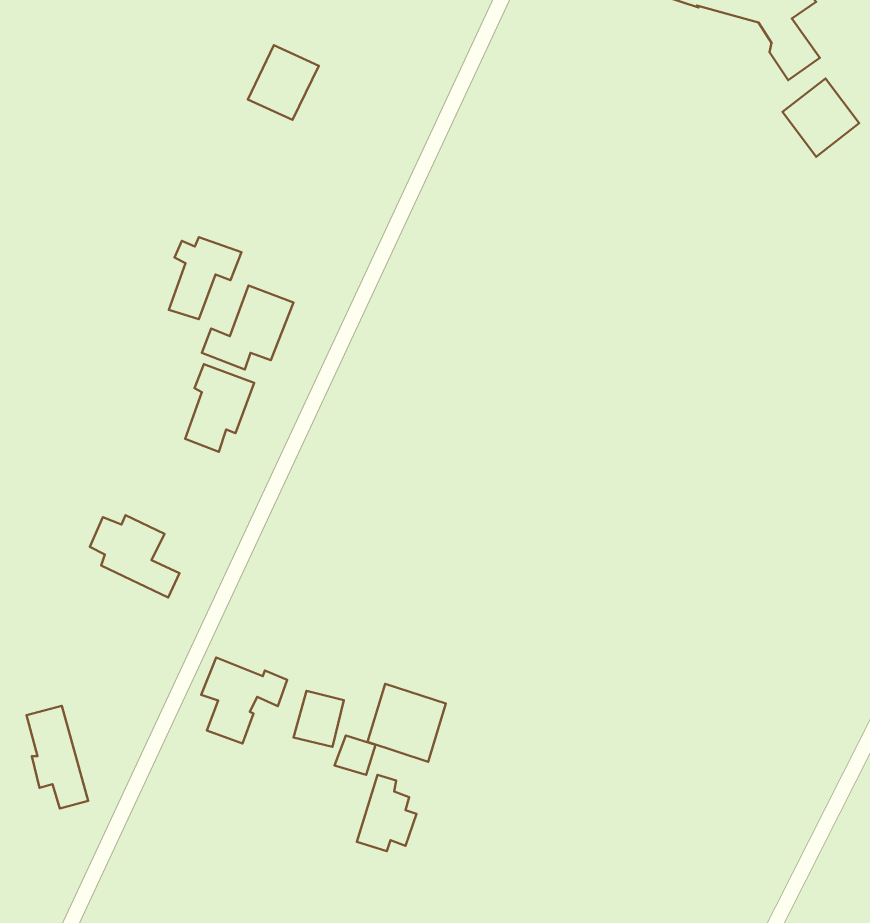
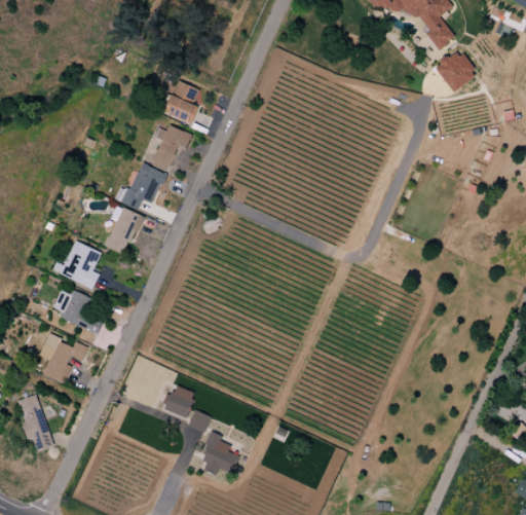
building: [248,45,319,120] -> [164,80,203,121]
building: [169,237,242,319] -> [152,125,192,171]
building: none -> [52,241,101,288]
building: [201,658,287,743] -> [40,334,87,381]
building: [367,684,446,762] -> none

